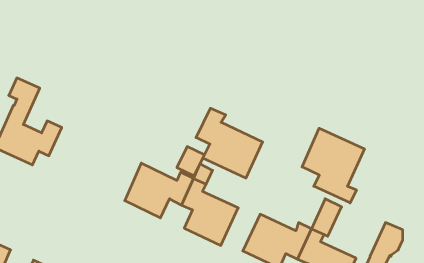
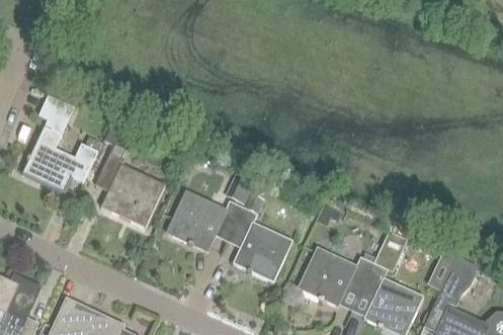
building: [196,108,263,178] -> none
building: none -> [95,143,164,227]
building: [302,128,364,203] -> none

